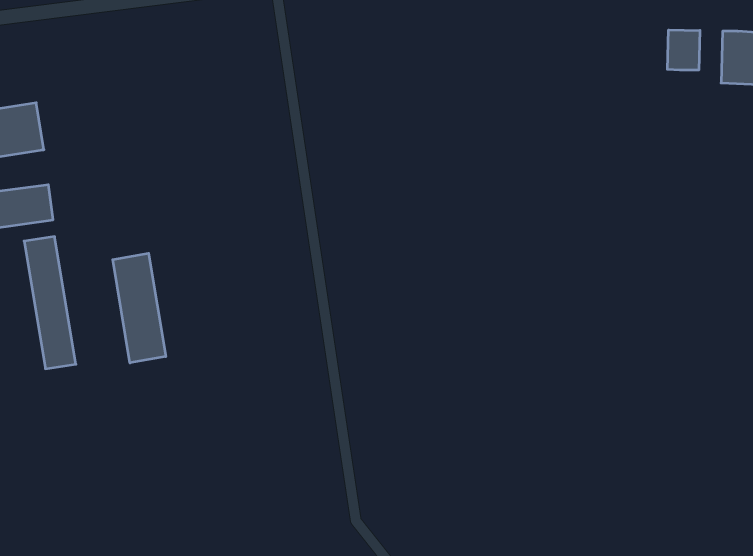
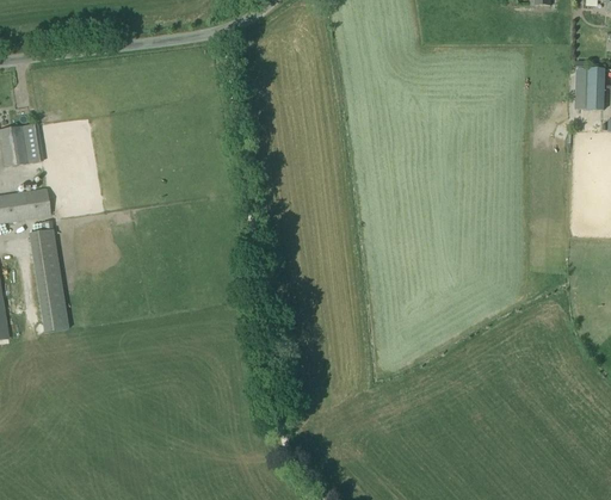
building: [667,30,700,70] -> none
building: [113,253,166,363] -> none

